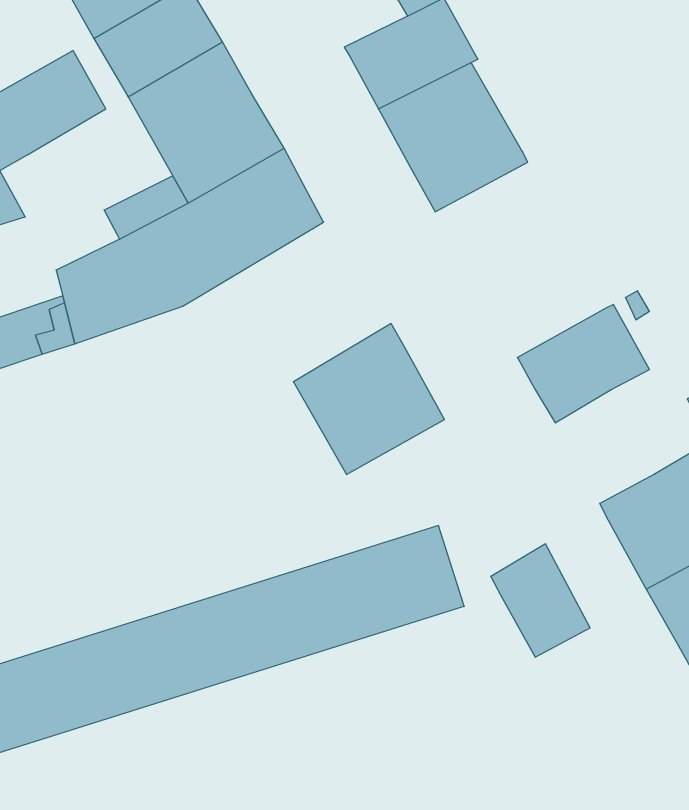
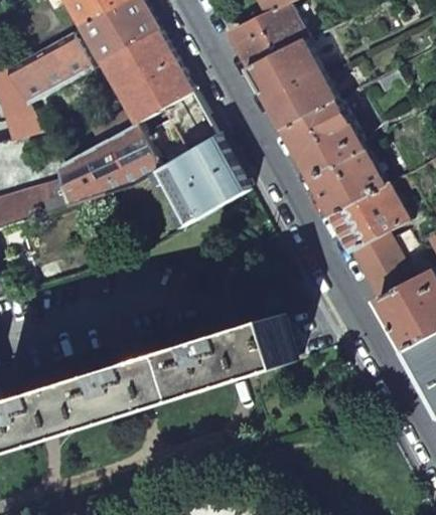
building: none -> [280,99,381,213]
building: [293,324,444,474] -> [157,134,246,222]
building: [491,544,590,657] -> [350,232,409,299]

